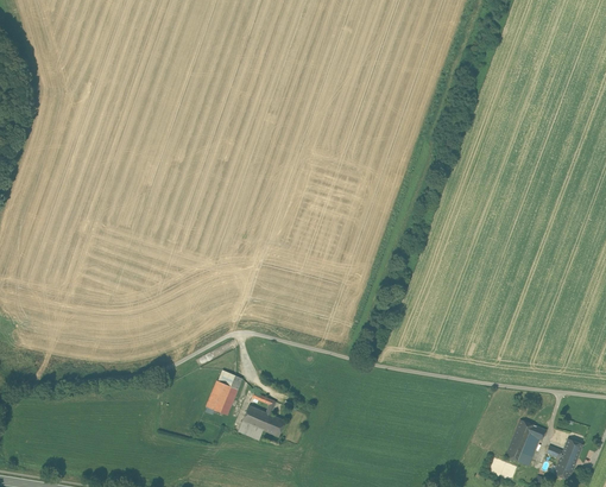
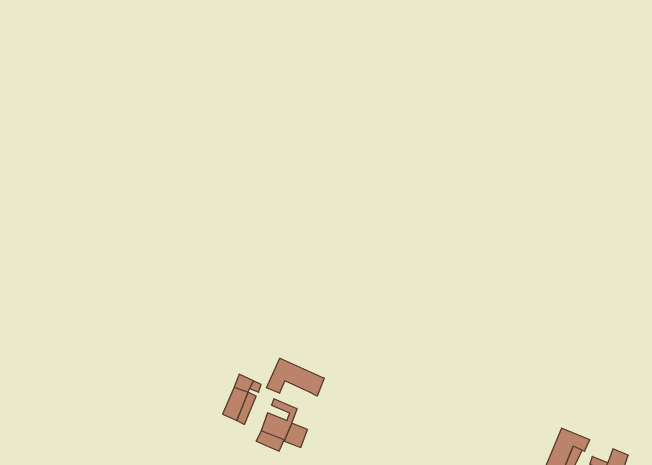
building: none -> [266,358,324,396]

